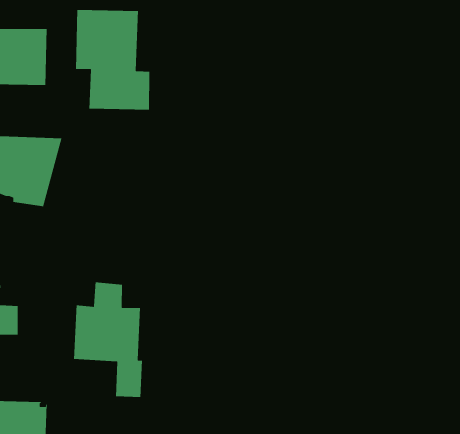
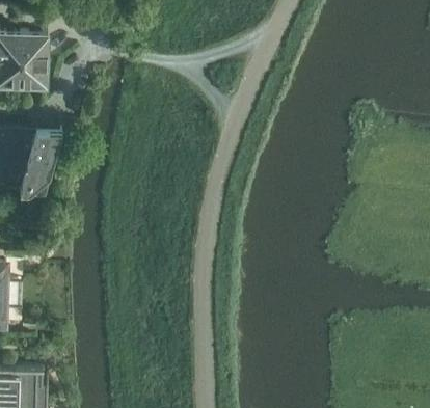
building: [75,9,150,110] -> none
building: [73,282,143,398] -> none

